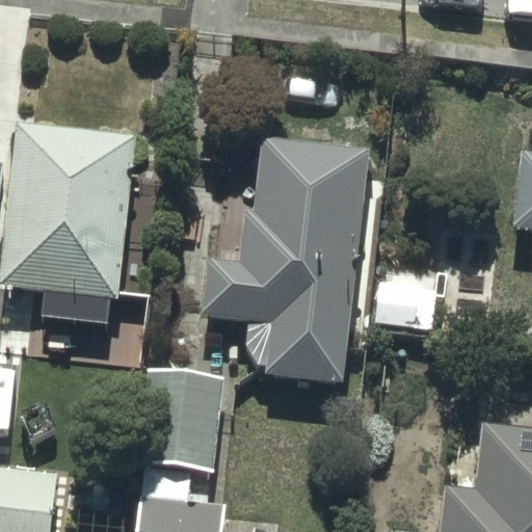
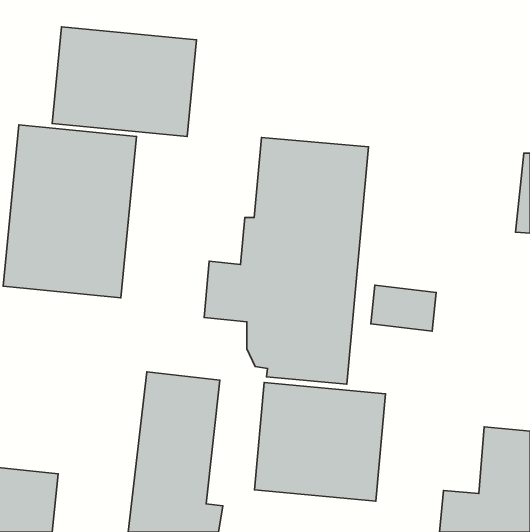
building: none -> [52,27,196,136]
building: none -> [254,382,386,501]

